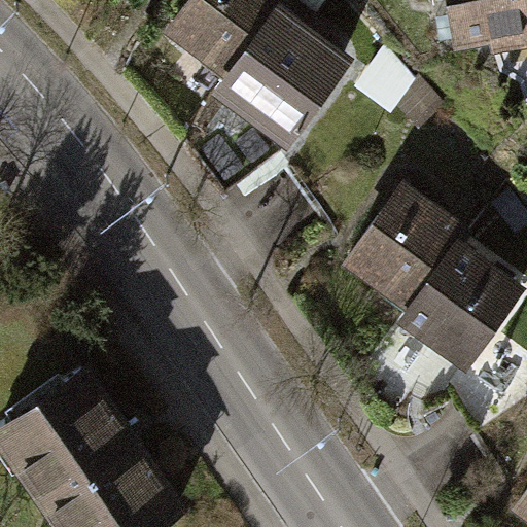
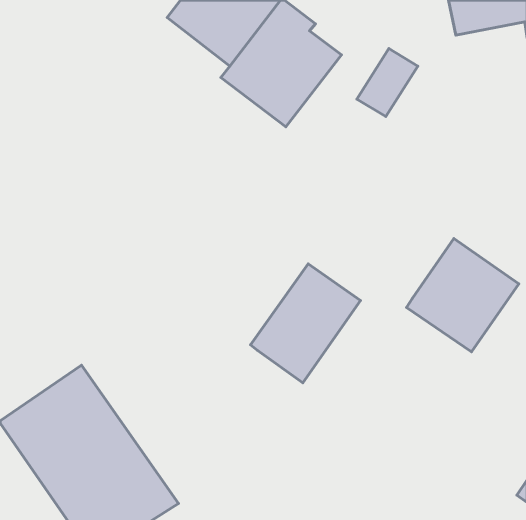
building: [349,190,461,305] -> none
building: none -> [250,264,360,383]

